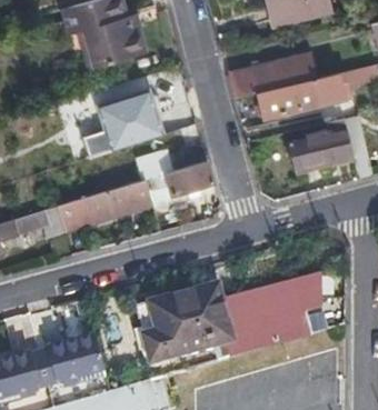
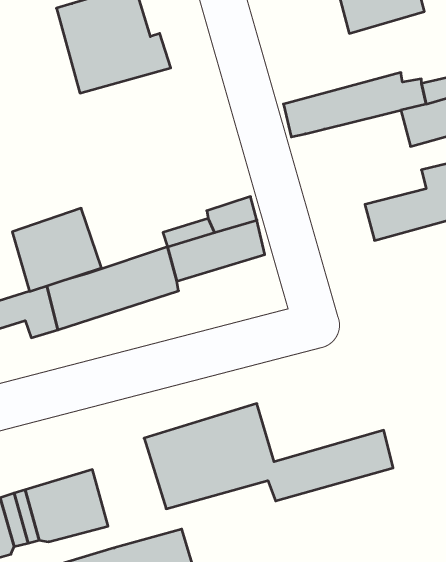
building: [257,80,318,119] -> none
building: [101,88,165,147] -> [12,208,102,291]
building: [218,273,315,329] -> none

